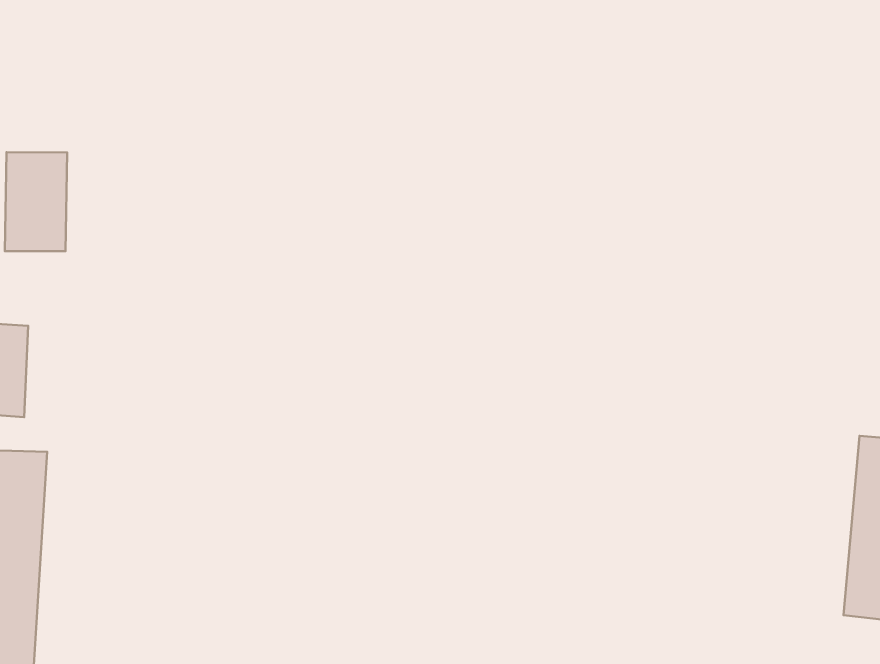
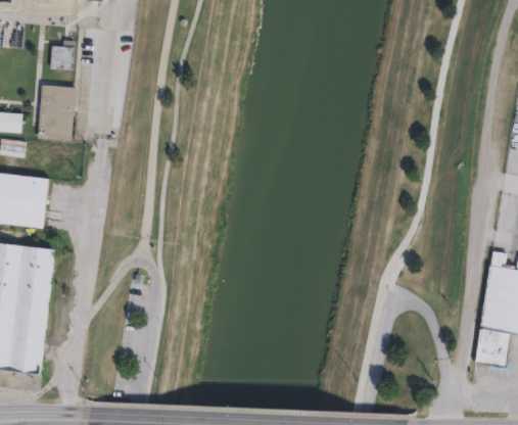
building: none -> [48,45,73,69]

